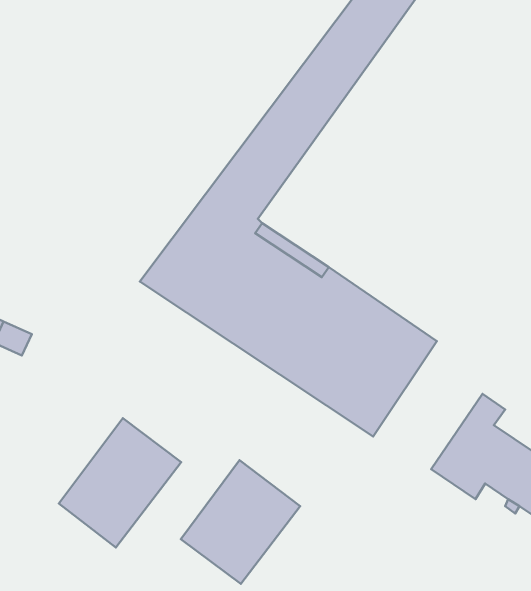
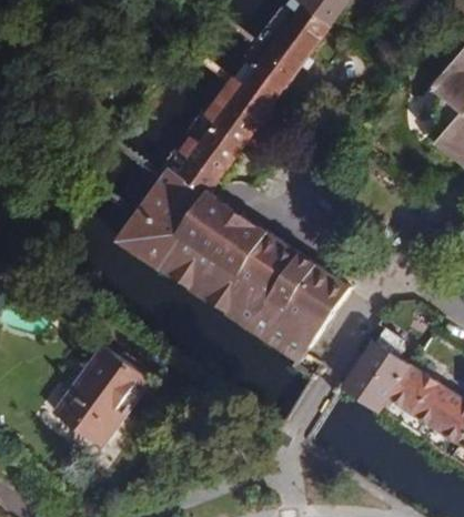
building: [181,460,300,584] -> none

